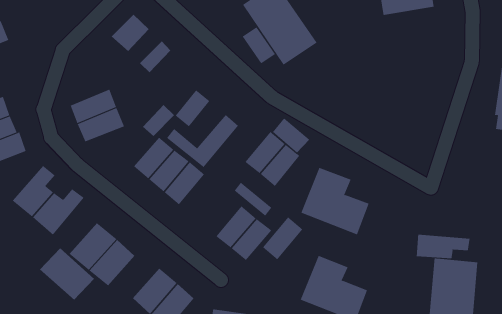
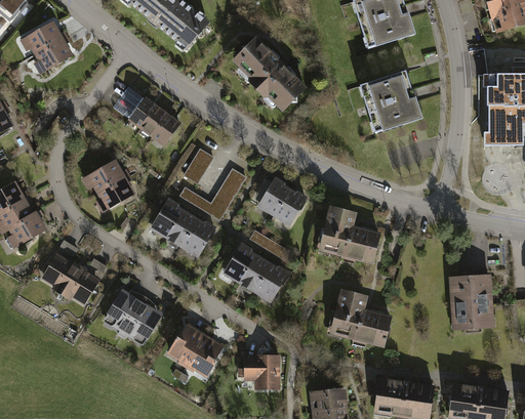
building: [242,27,276,64] -> none
building: none -> [129,96,160,130]
building: none -> [357,70,423,135]
building: [142,104,175,137] -> [153,114,183,146]
building: [272,117,310,153] -> none
building: [262,217,303,260] -> [221,242,258,285]
building: [416,234,470,259] -> none
building: [39,248,95,301] -> none

